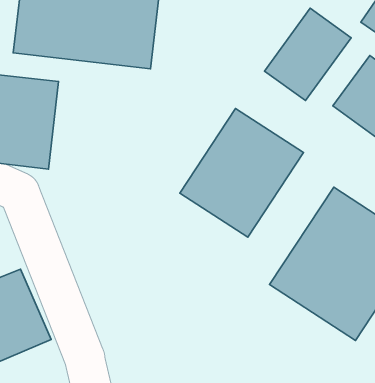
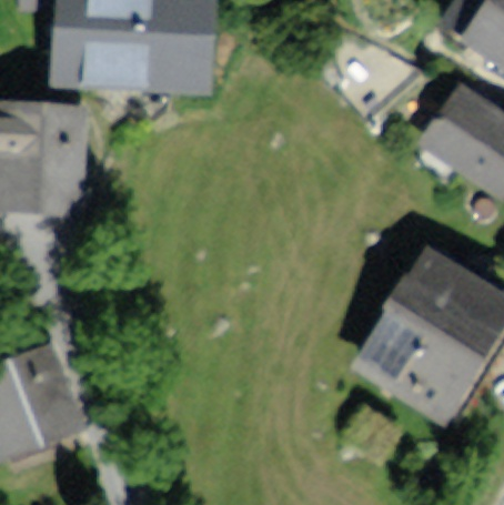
building: [264,8,351,101] -> none
building: [180,108,303,237] -> none

